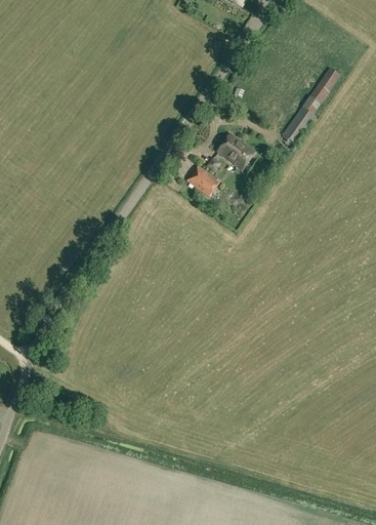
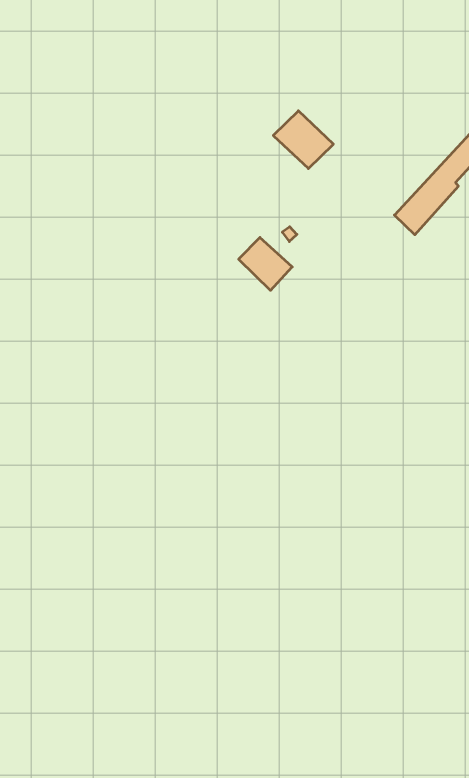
building: [217,133,255,168] -> [273,111,333,169]

